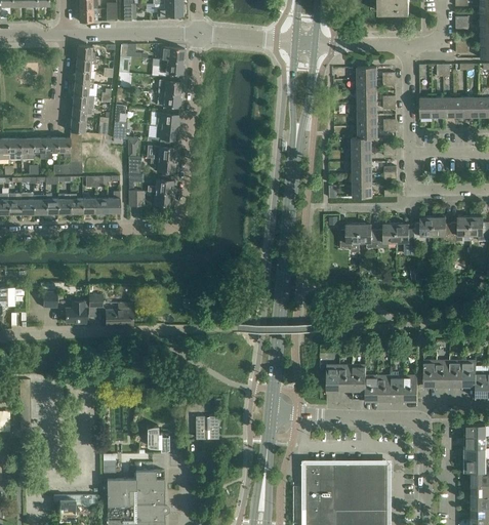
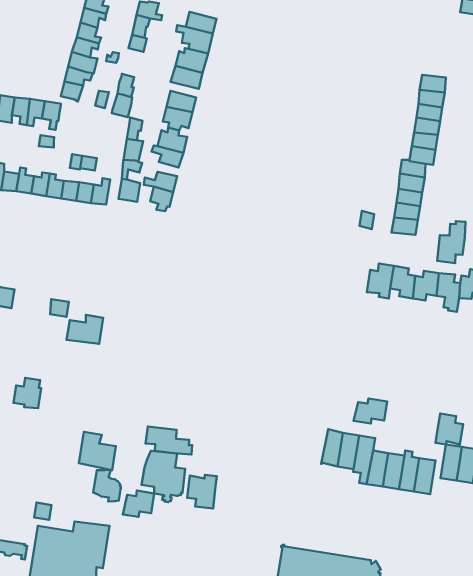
building: none -> [437,221,466,263]
building: [66,301,86,325] -> [13,378,41,408]
building: none -> [353,398,387,424]
building: none -> [435,414,463,444]
building: none -> [146,427,192,454]
building: none -> [79,432,116,470]
building: none -> [187,475,217,508]
building: none -> [123,491,154,517]

